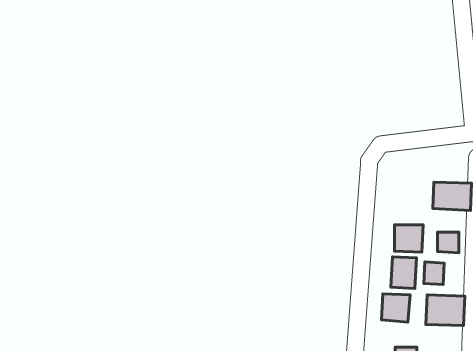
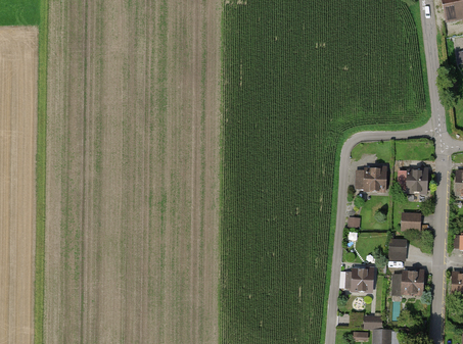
building: [395,225,423,252] -> [365,168,390,193]
building: [391,257,416,288] -> none

